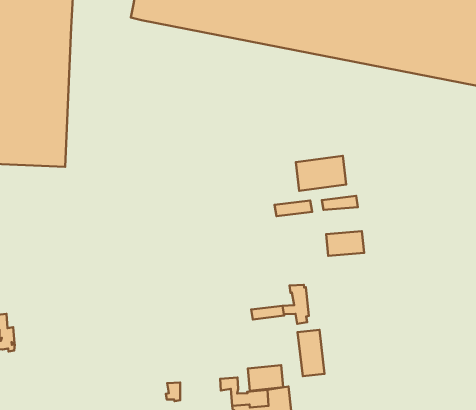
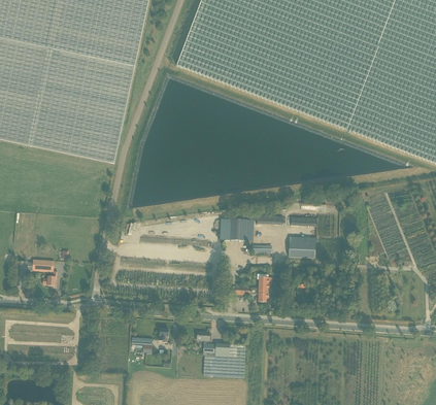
building: [296,156,346,191] -> [221,216,256,238]
building: [298,330,324,376] -> none
building: [248,365,283,391] -> none

